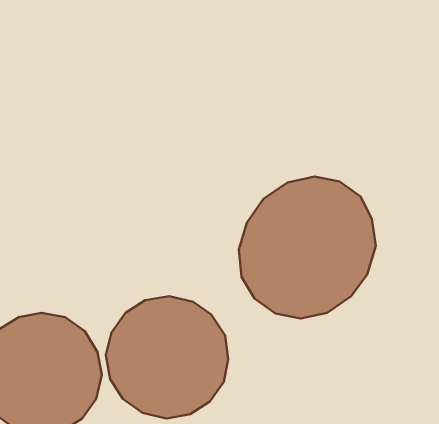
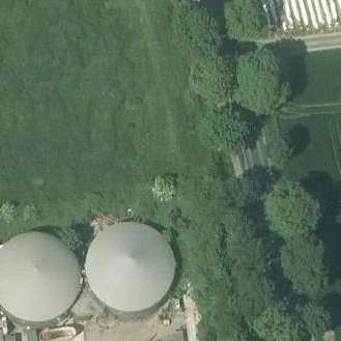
building: [239,177,376,319] -> none

